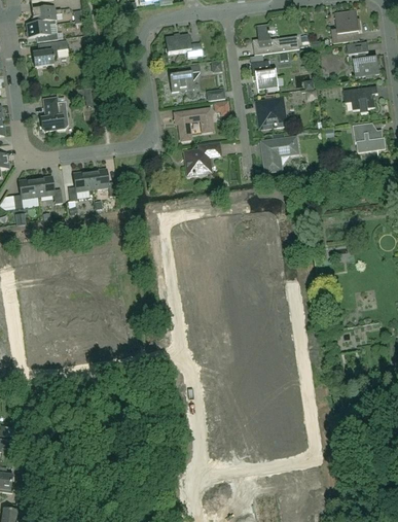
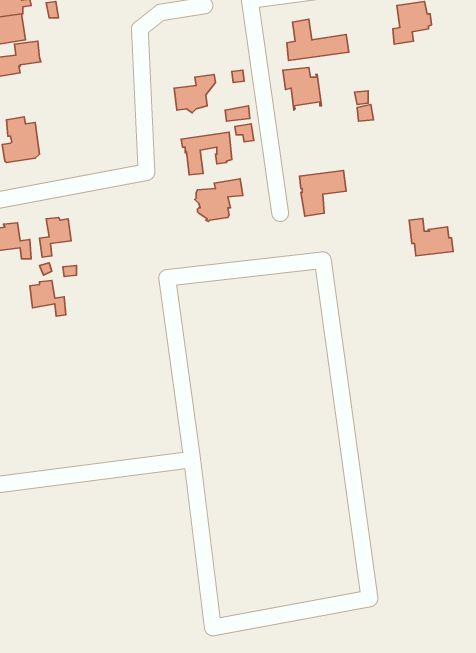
building: [165,34,202,58] -> none
building: [348,43,379,76] -> none
building: [343,85,377,113] -> none
building: [258,98,287,128] -> none
building: [353,124,386,151] -> [409,219,453,256]
building: [89,169,116,196] -> [30,280,66,316]

